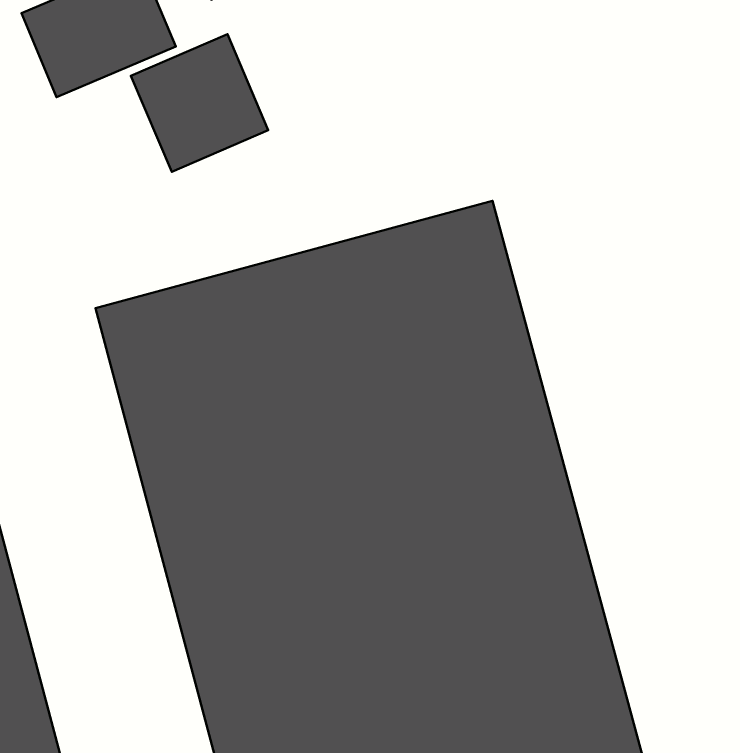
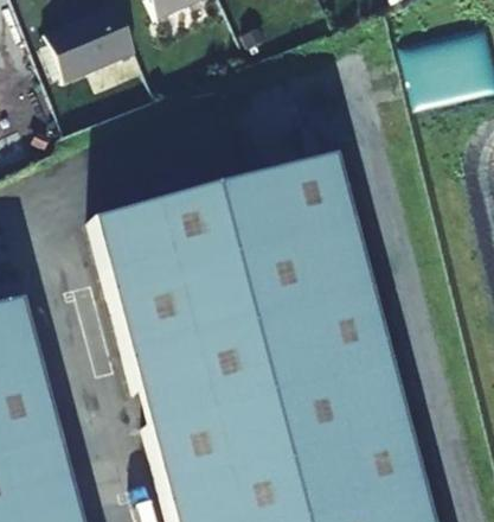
building: [131,34,268,172] -> none

